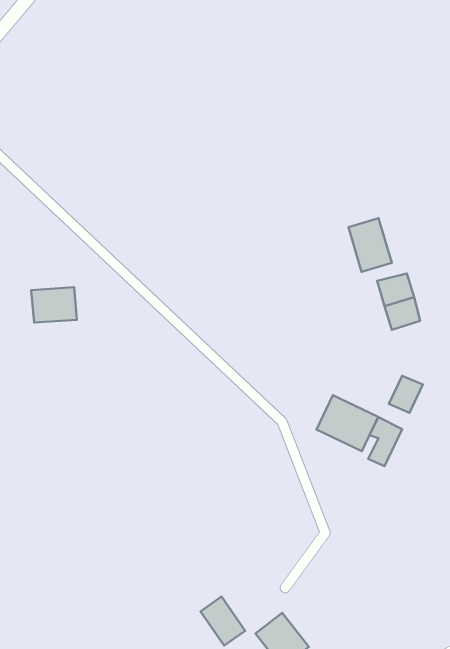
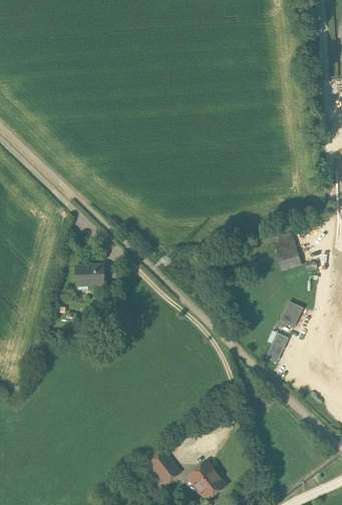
building: [348,218,392,272] -> none
building: [31,287,77,323] -> [75,263,106,287]
building: [317,395,378,451] -> none

